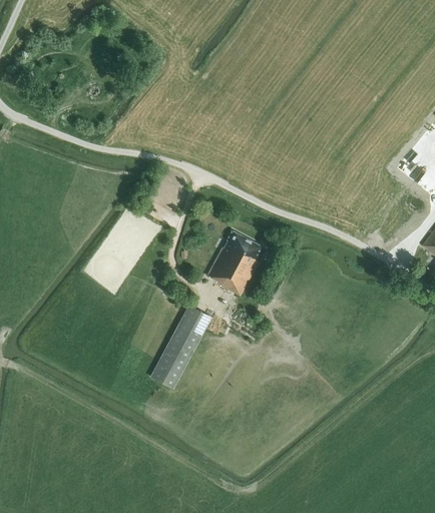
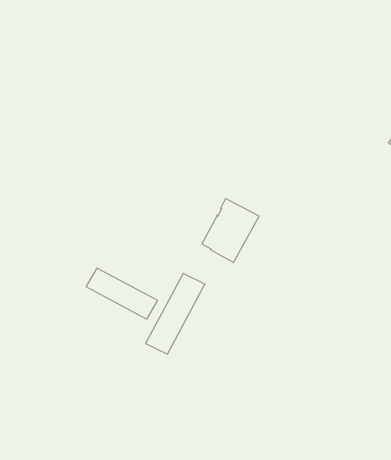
building: none -> [86,268,157,319]

